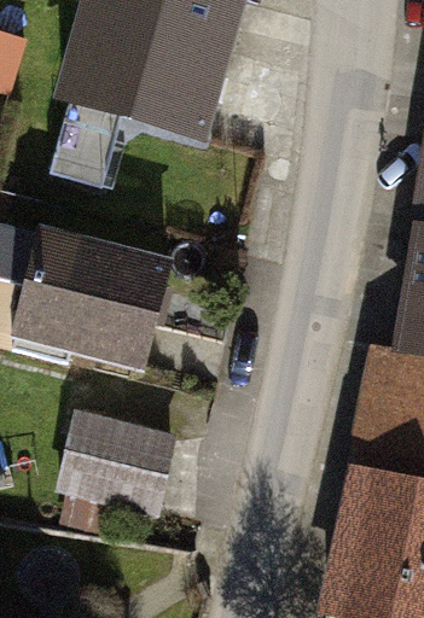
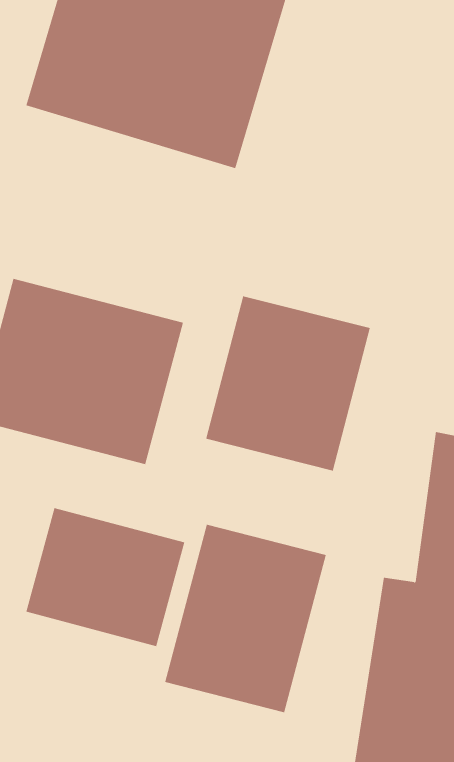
building: none -> [205,295,370,471]
building: none -> [165,524,326,713]

